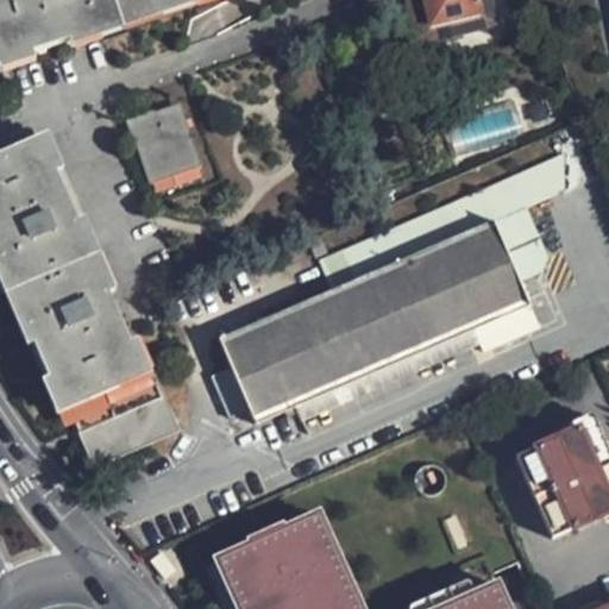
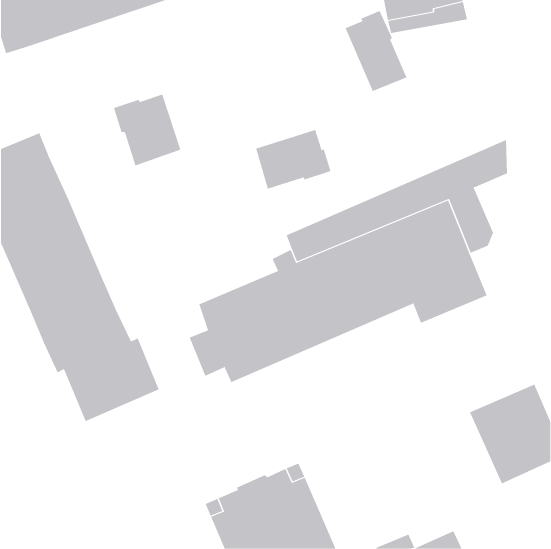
building: none -> [345,10,407,92]
building: none -> [255,129,331,189]

